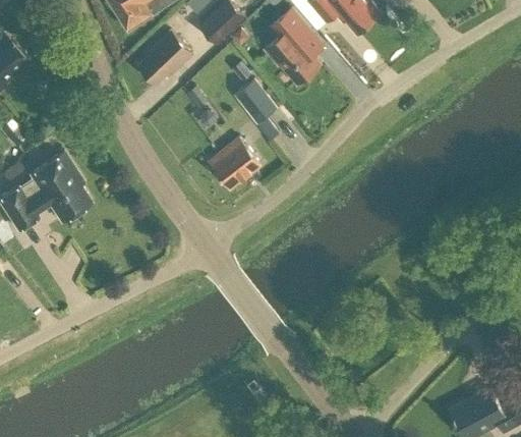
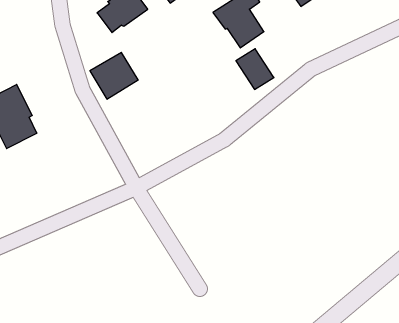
building: [234,78,277,122] -> [236,49,274,89]
building: [208,136,260,188] -> [90,52,138,99]

